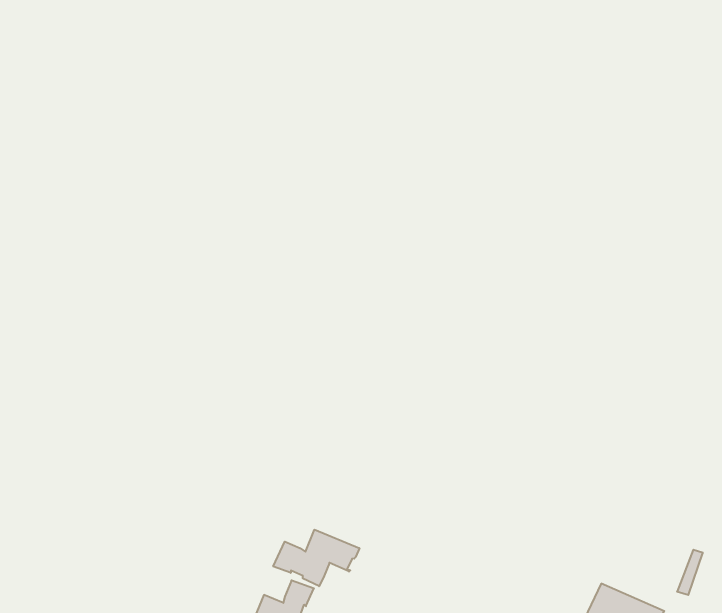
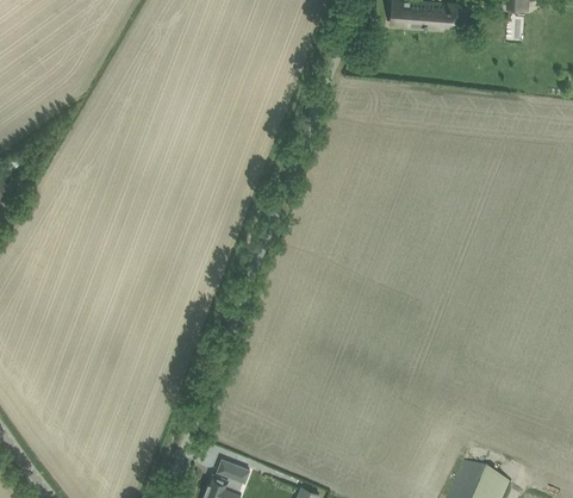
building: [273,530,359,586] -> none

